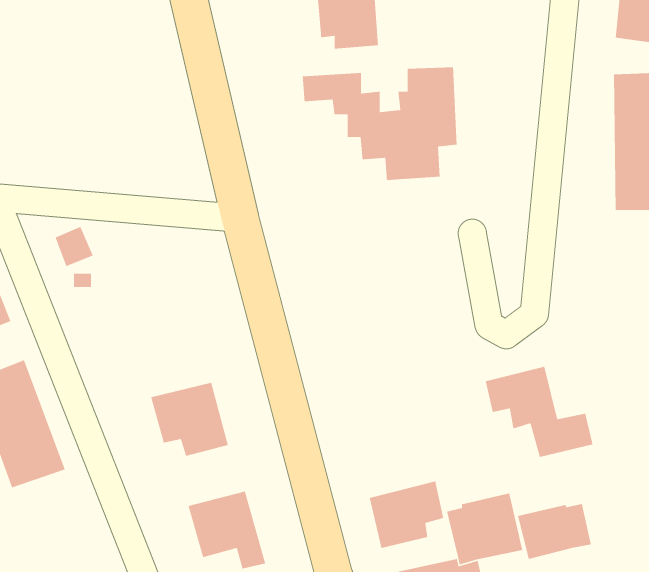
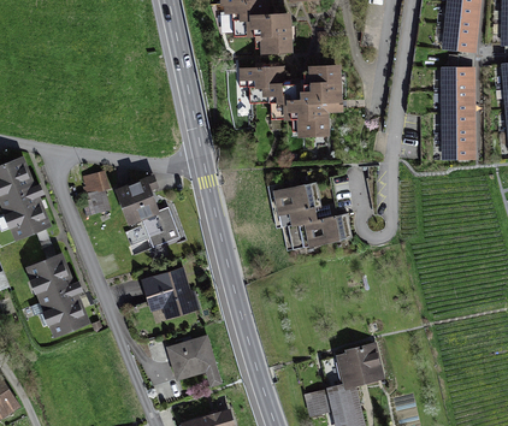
building: none -> [113,171,179,249]
building: [485,366,593,458] -> [273,185,343,244]
building: [369,481,444,549] -> none
building: [517,503,592,560] -> none

